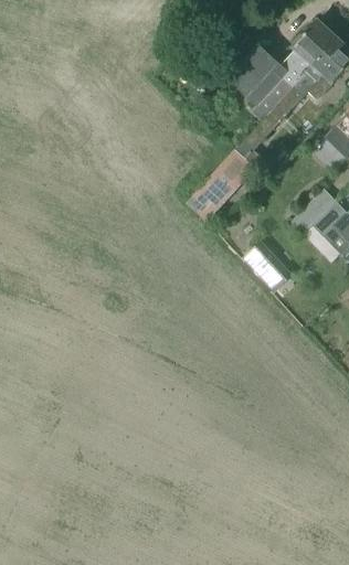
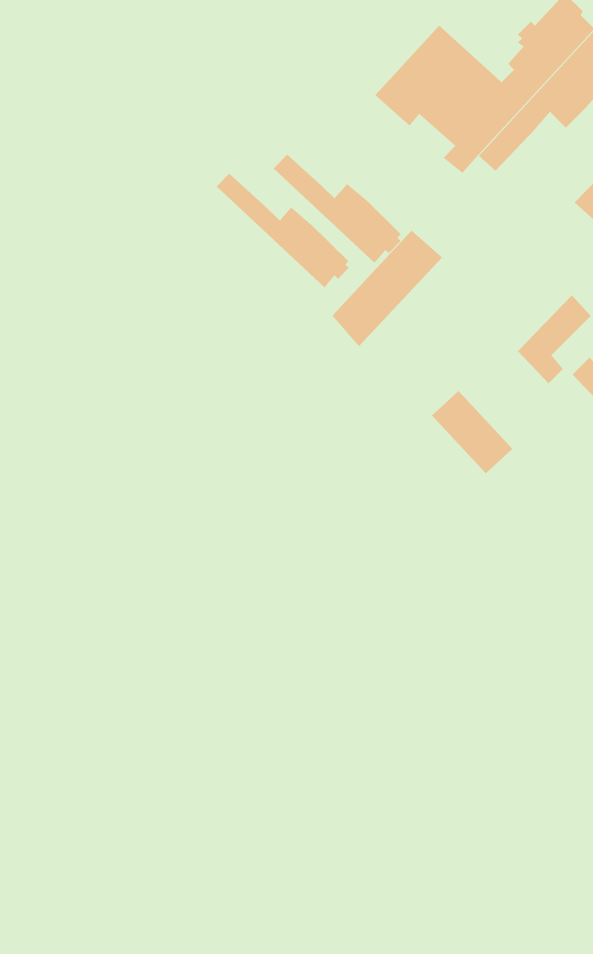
building: none -> [273,154,402,264]
building: none -> [216,173,350,288]

